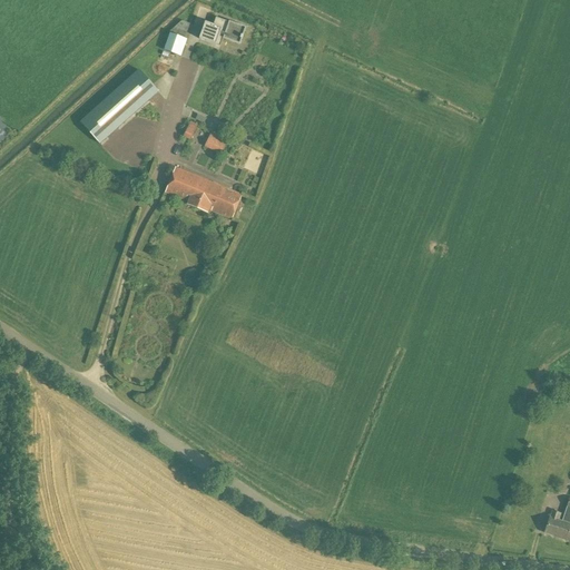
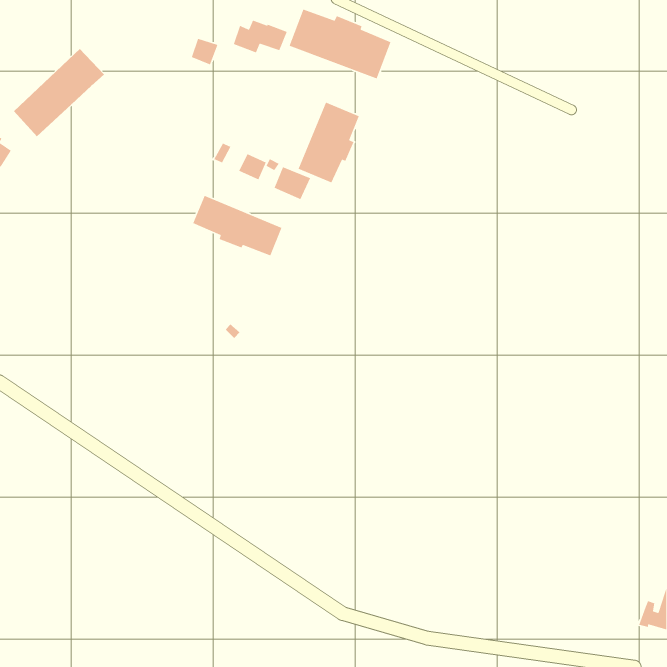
building: none -> [289,9,392,79]
building: [81,68,159,144] -> [13,48,105,137]
building: none -> [297,101,360,184]

